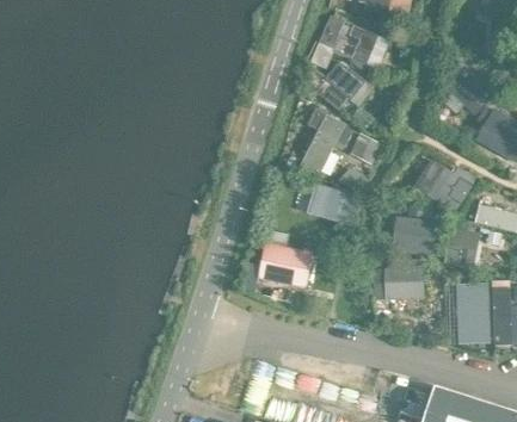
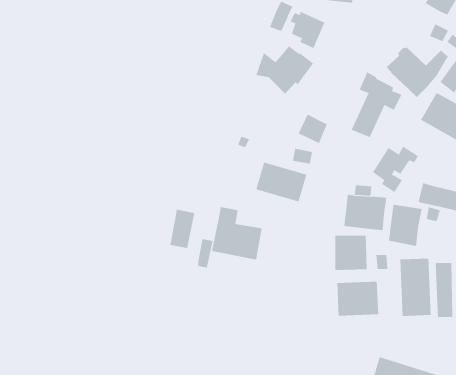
building: [298,106,352,175] -> [351,72,402,138]
building: none -> [170,209,195,249]
building: none -> [337,281,379,316]

